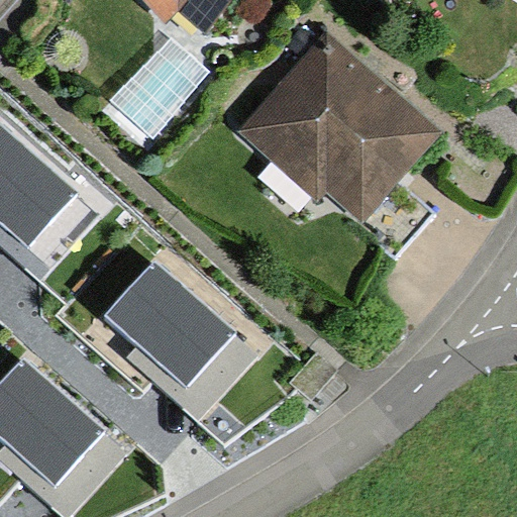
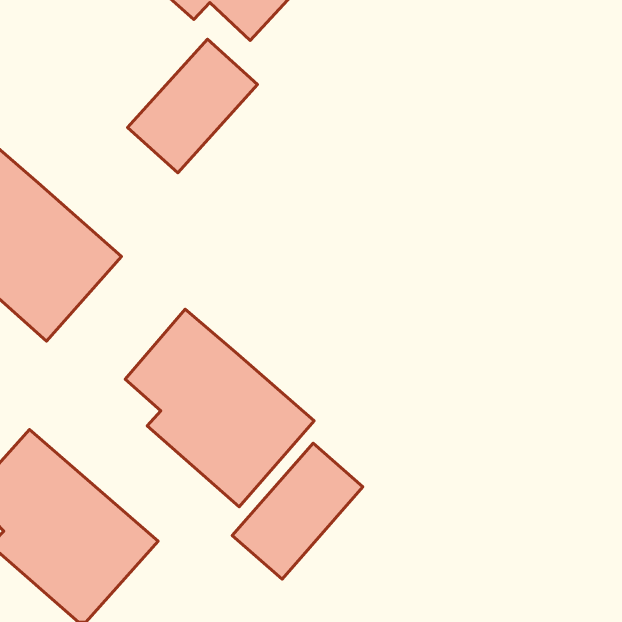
building: [230,38,432,245] -> none
building: none -> [232,443,363,579]

